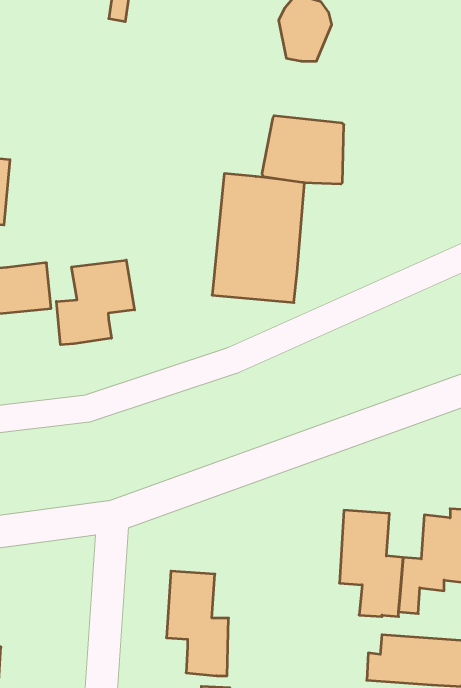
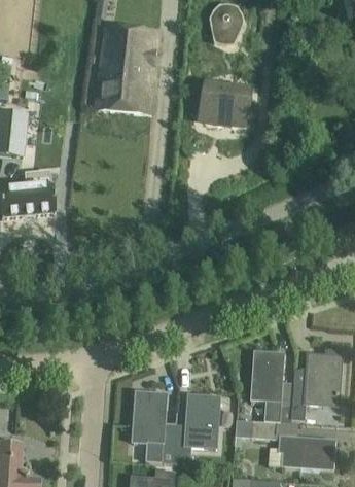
building: [212,174,305,303] -> [95,26,157,113]
building: [56,260,135,345] -> none
building: none -> [174,395,219,463]
building: none -> [237,419,276,439]

